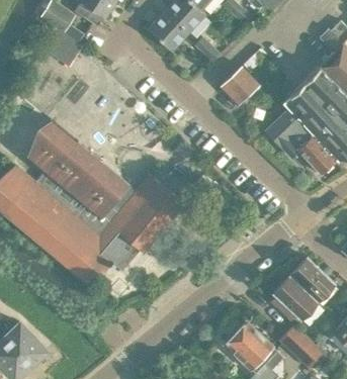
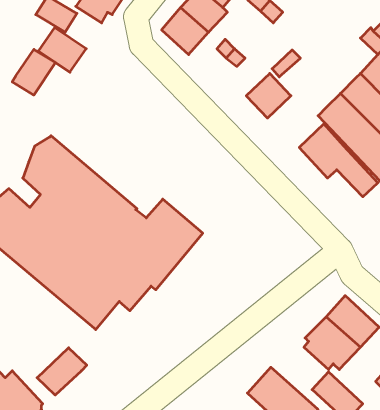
building: none -> [12,49,55,95]
building: none -> [37,348,87,395]

